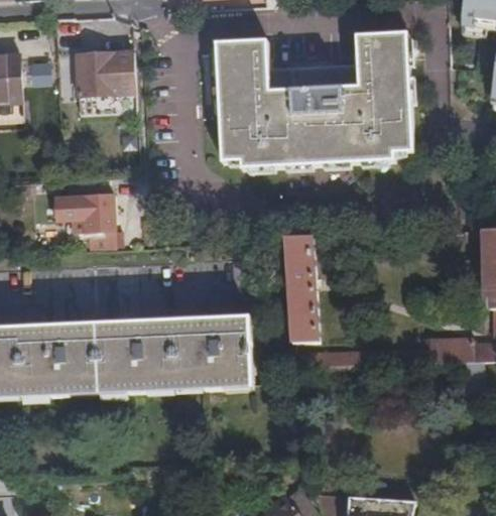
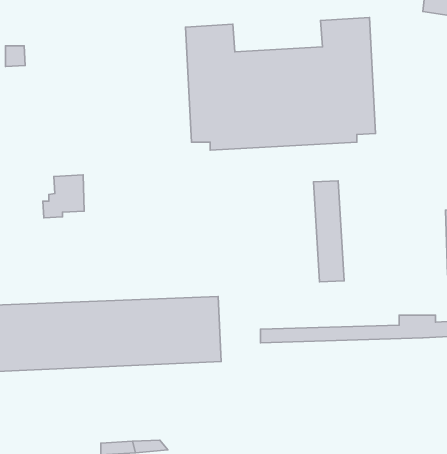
building: [76,51,135,96] -> none
building: [287,238,319,342] -> [314,181,344,282]

